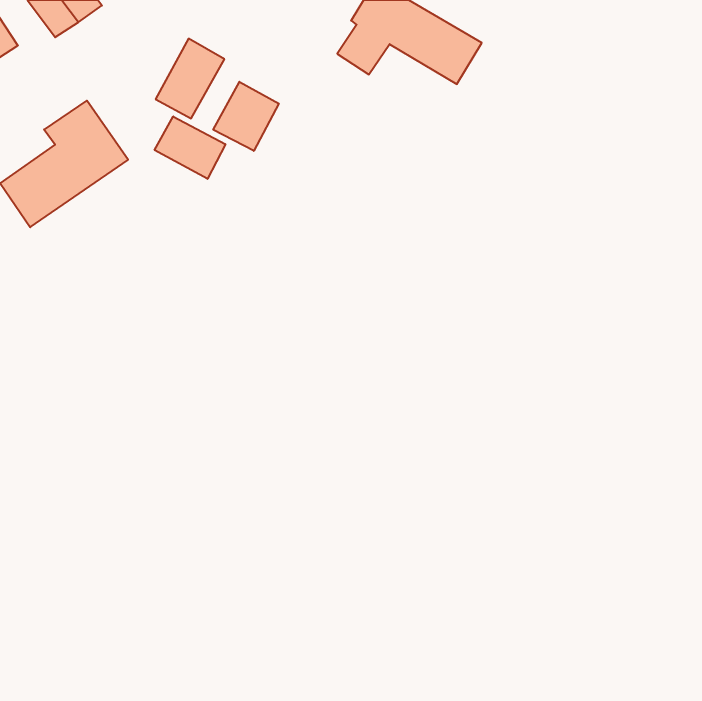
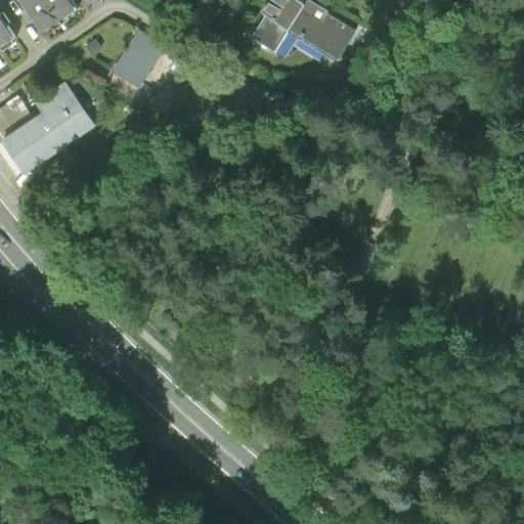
building: [213,82,279,151] -> none
building: [155,116,225,179] -> none

